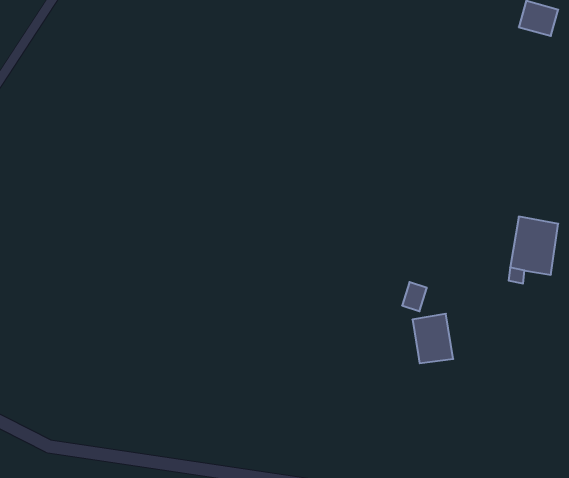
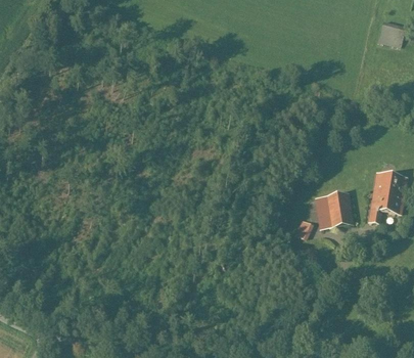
building: [412,314,453,363] -> [323,191,352,226]

